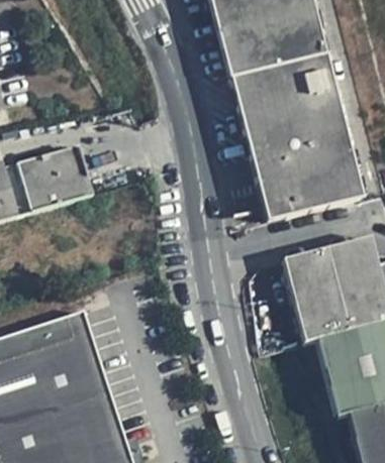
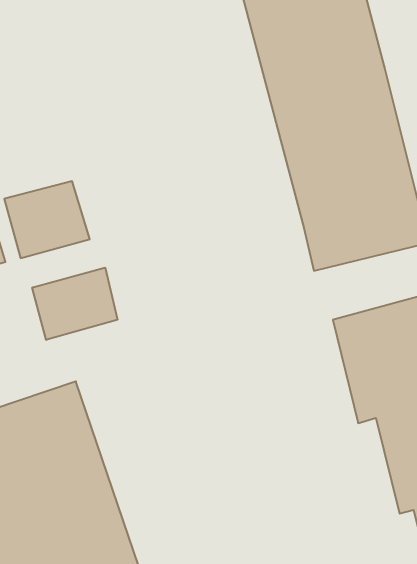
building: none -> [32,268,117,340]

